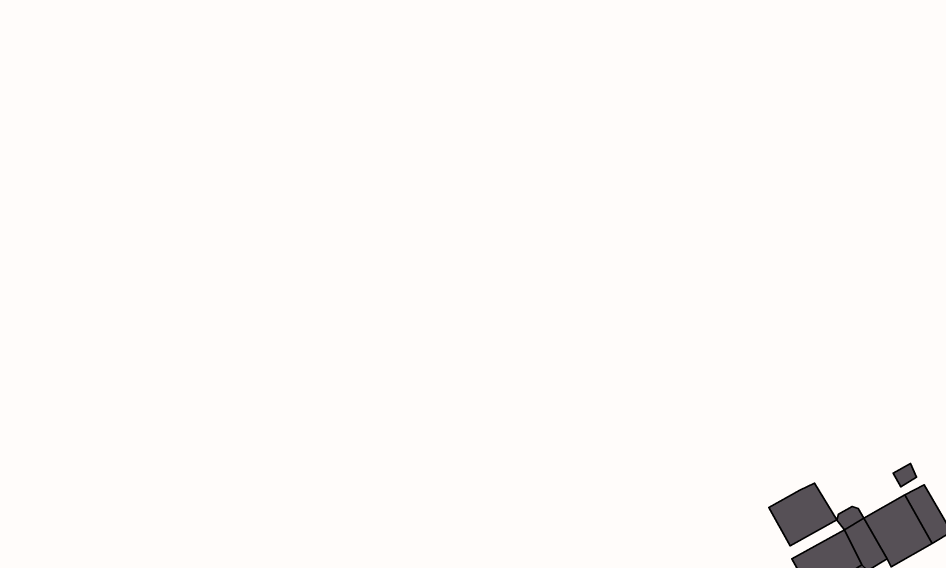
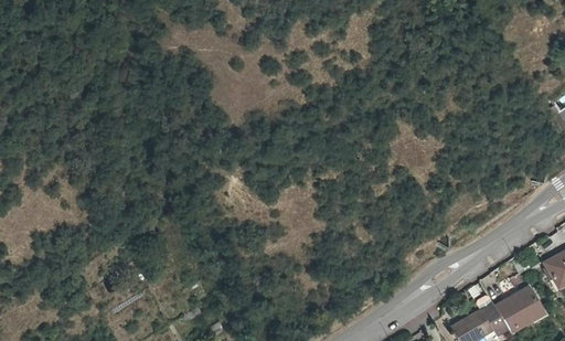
building: [769,483,837,546] -> none

